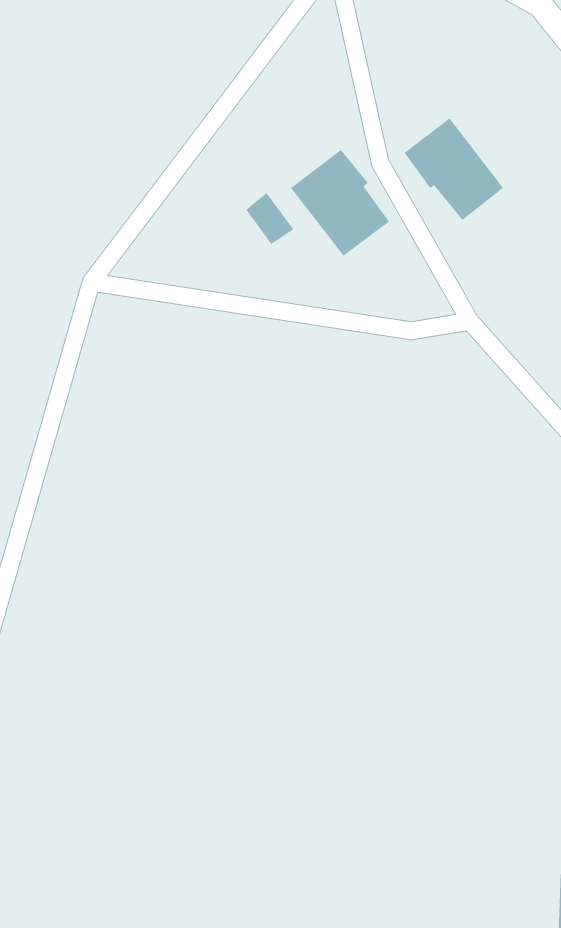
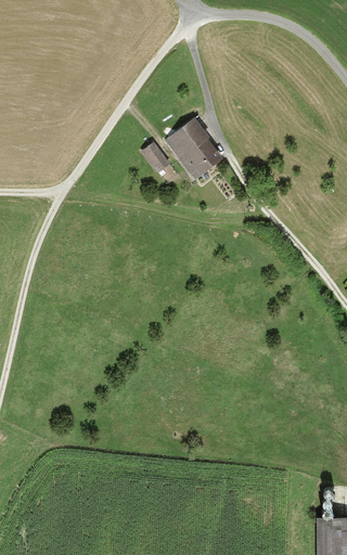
building: [404,118,504,221] -> none

